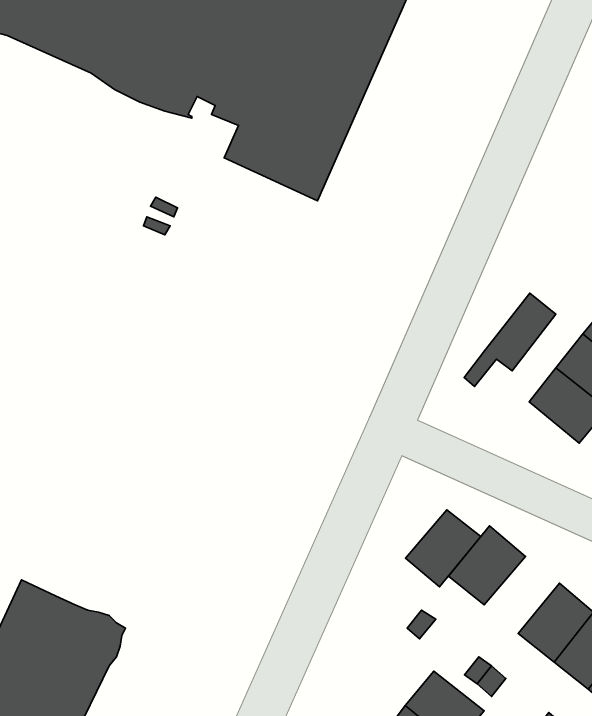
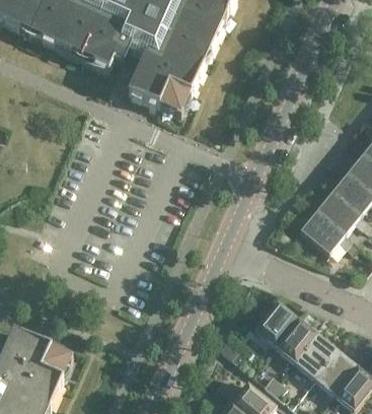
building: [464,293,556,387] -> none
building: [405,510,481,587] -> [275,316,317,359]

